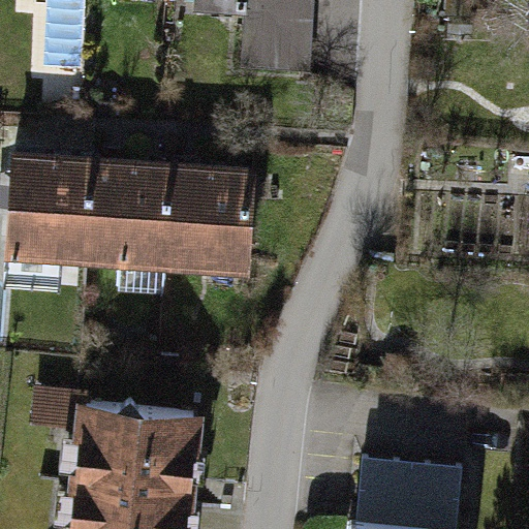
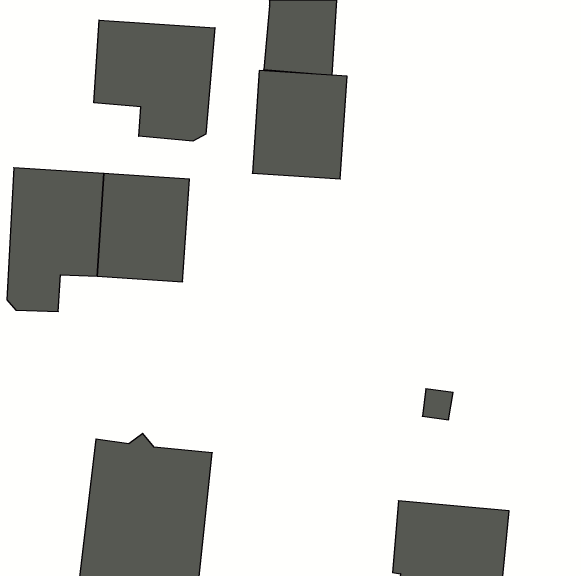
building: none -> [94,20,215,141]
building: [165,168,251,267] -> [252,71,347,179]

